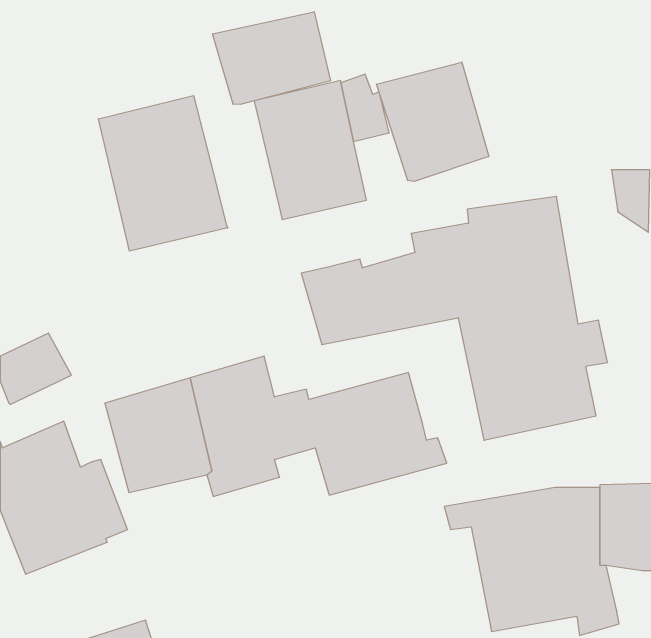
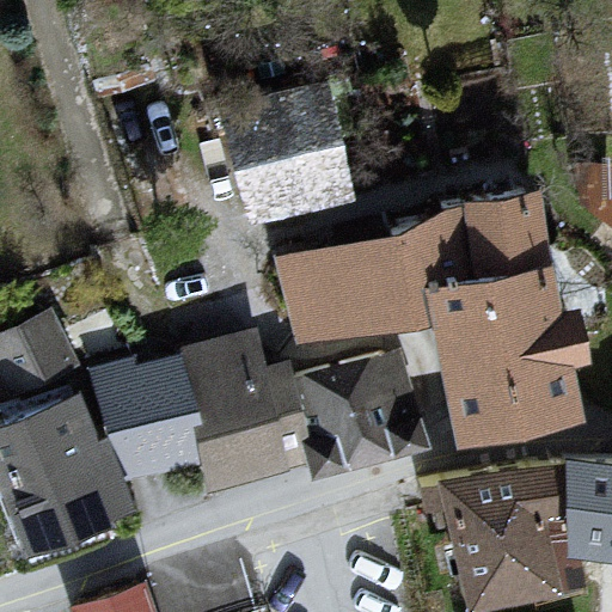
building: [212,12,330,104] -> none
building: [377,62,489,181] -> none
building: [99,96,228,251] -> none

